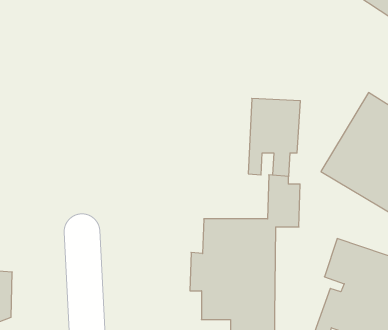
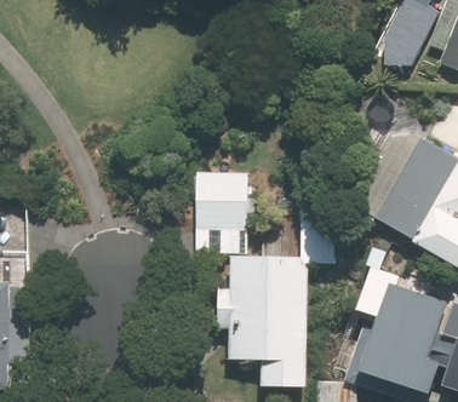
building: [248,98,300,176] -> [191,172,246,253]

